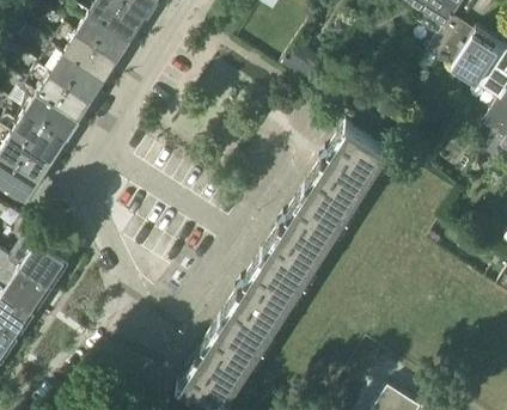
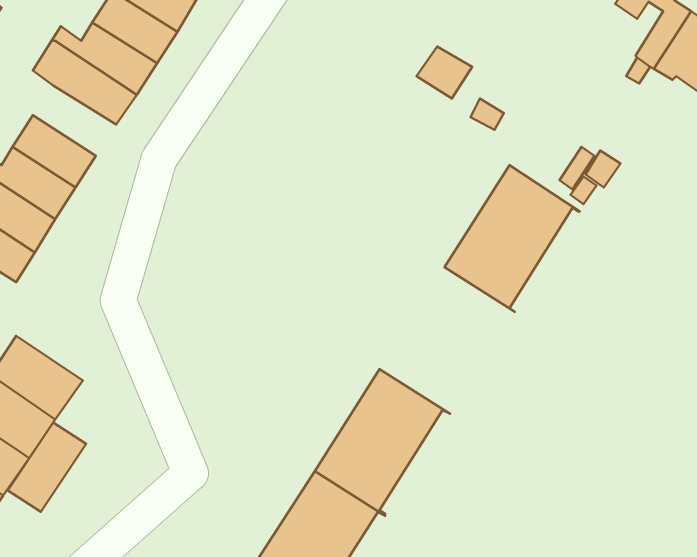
building: [26,62,93,117] -> none
building: [263,189,350,283] -> none
building: none -> [8,422,86,512]

